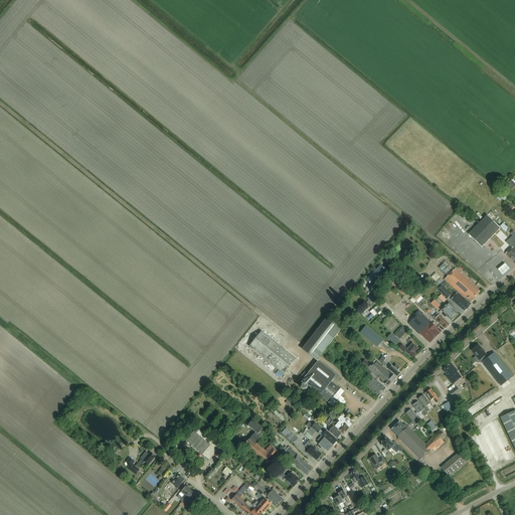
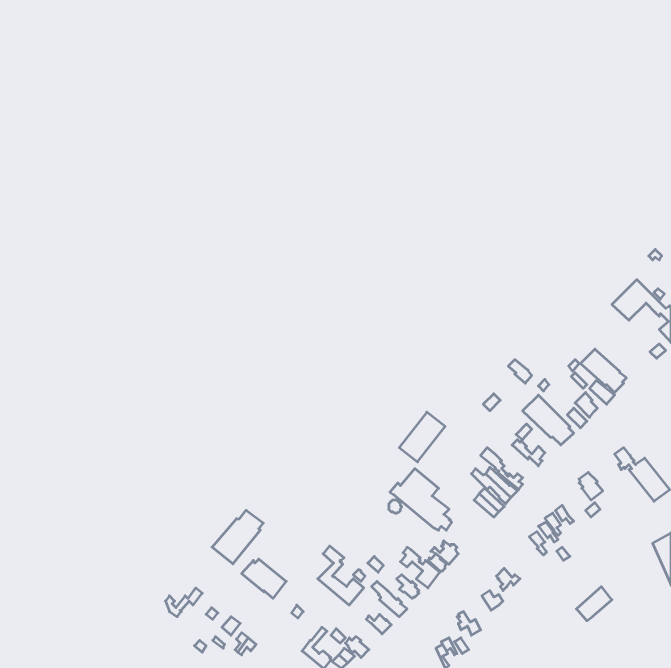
building: [248,330,296,373] -> none
building: none -> [212,510,263,564]
building: [391,419,446,460] -> none

